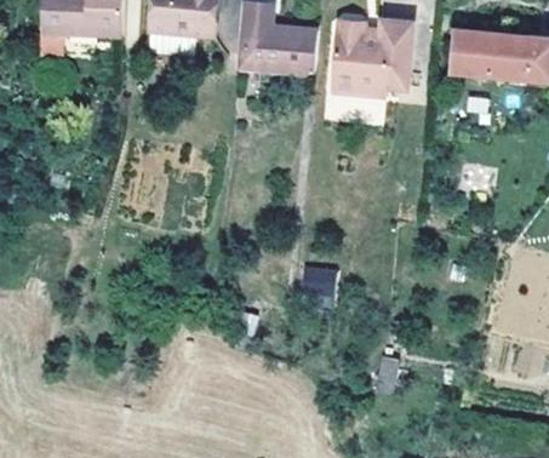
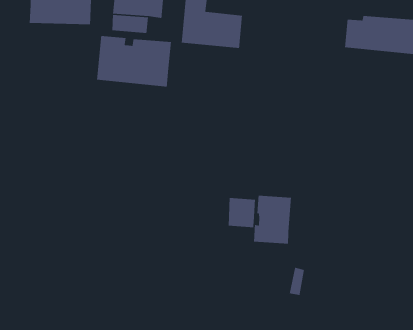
building: [331,18,413,96] -> none
building: none -> [96,35,172,88]
building: none -> [253,195,292,245]

